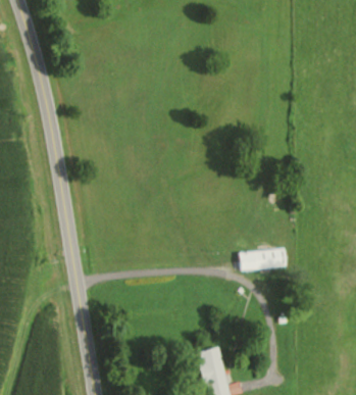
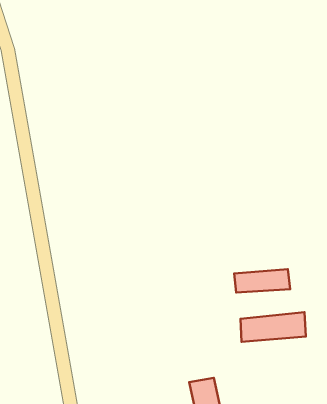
building: none -> [240,312,306,342]

